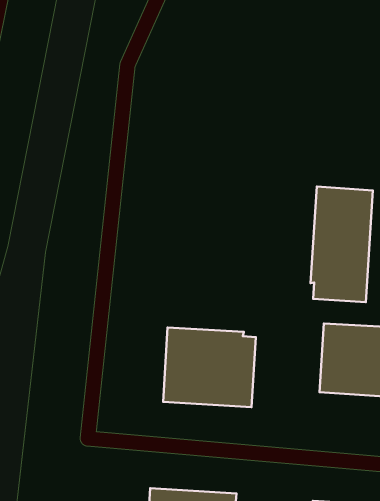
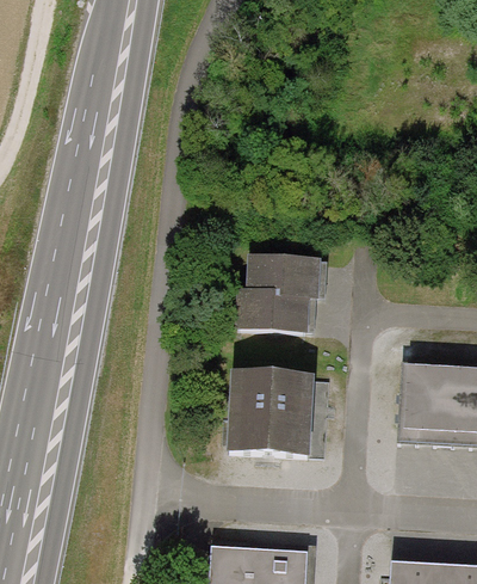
building: [311,187,373,302] -> none
building: none -> [236,253,321,332]

